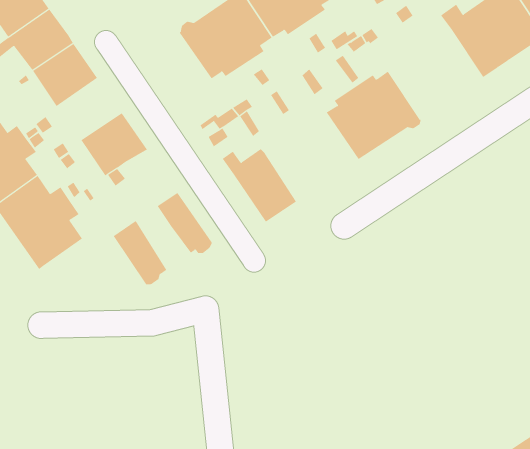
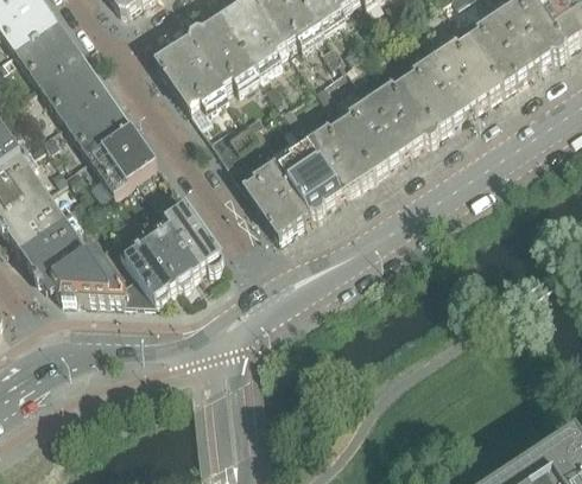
building: none -> [401,34,499,127]
building: none -> [154,38,223,107]
building: none -> [61,84,128,148]
building: none -> [276,120,371,211]
building: none -> [143,216,198,281]
building: none -> [48,243,125,295]

